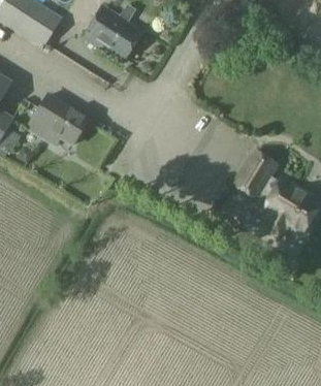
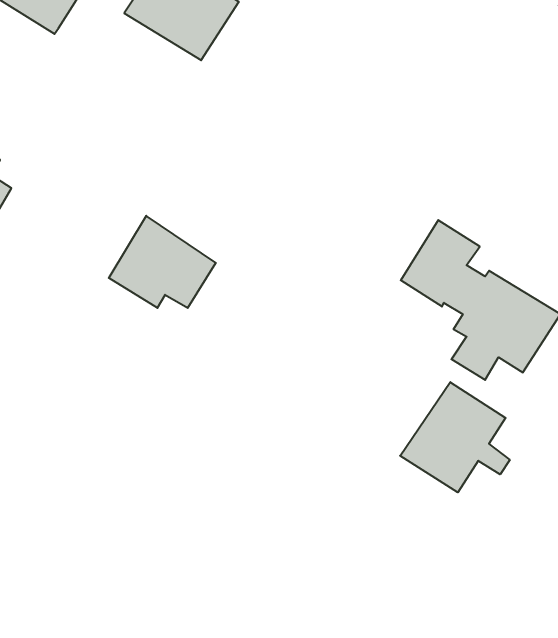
building: [28,93,87,143] -> [109,216,216,308]
building: none -> [400,382,510,492]

